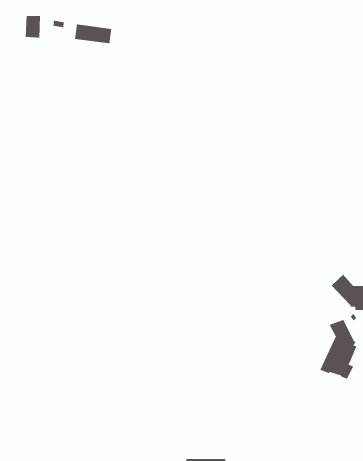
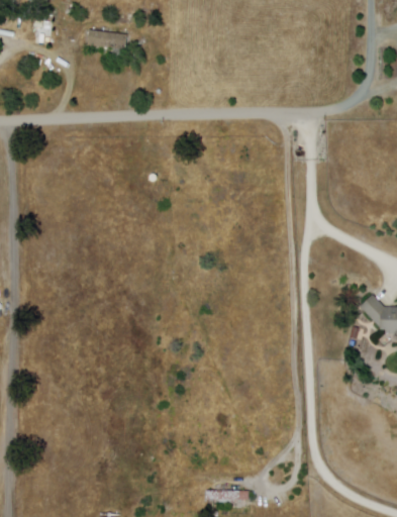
building: [319,319,357,380] -> none

